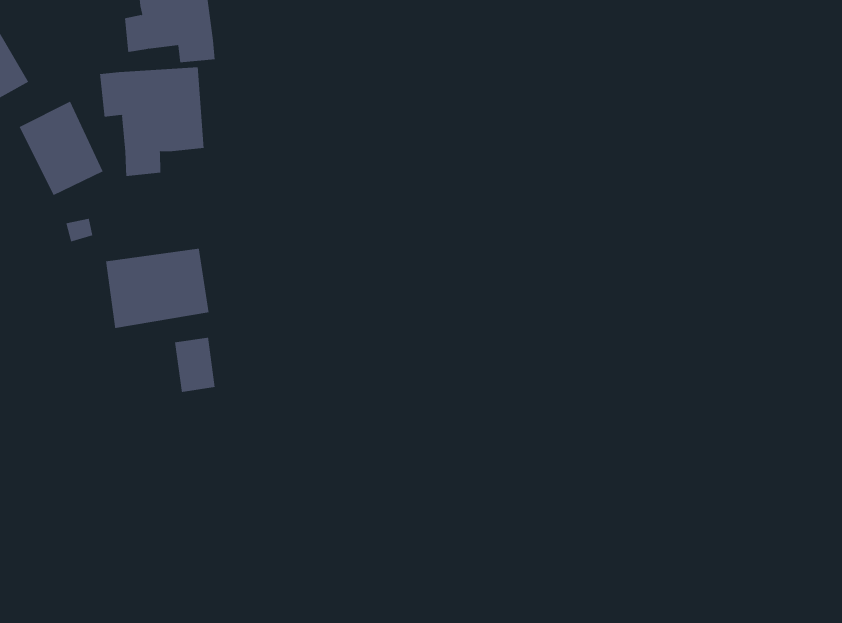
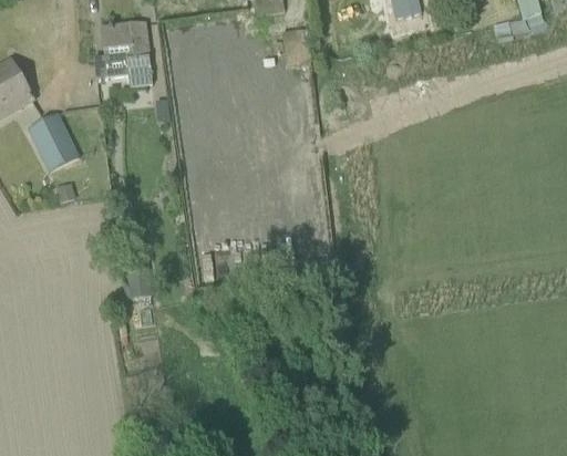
building: [100,67,204,177] -> none
building: [106,248,209,329] -> none

